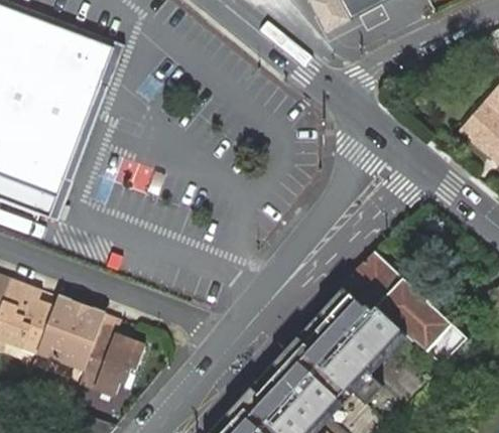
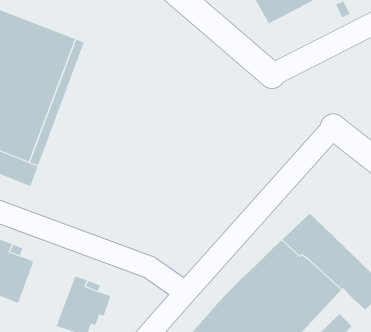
building: [38,296,106,370] -> none

